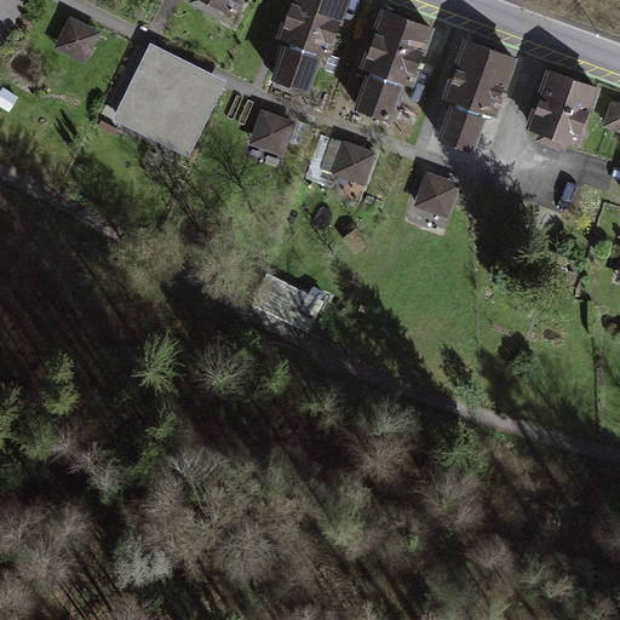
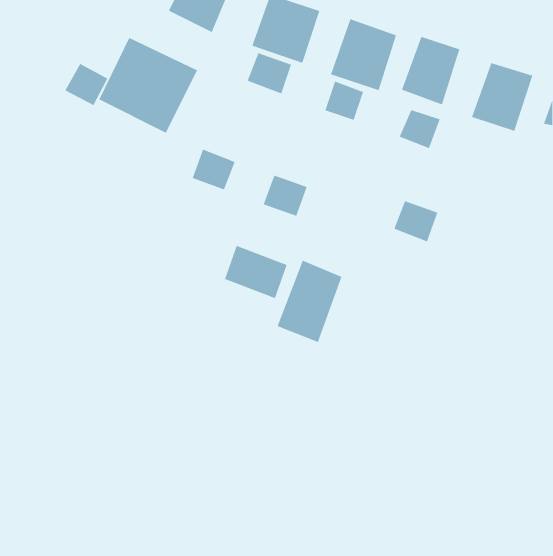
building: [48,13,97,61] -> [64,63,108,106]
building: [246,107,294,153] -> [192,149,235,190]
building: [322,136,372,182] -> [263,175,308,216]
building: [408,168,458,214] -> [393,200,438,242]
building: none -> [277,260,342,343]

